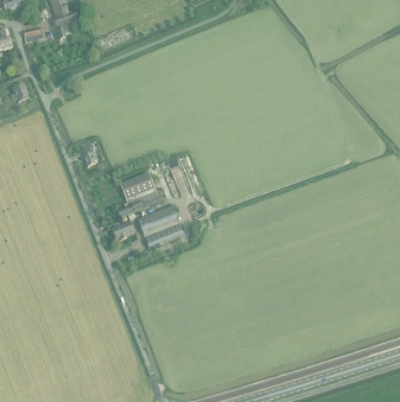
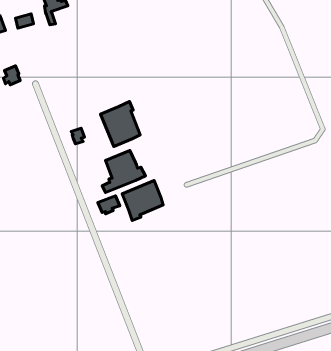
building: none -> [101,101,140,147]

